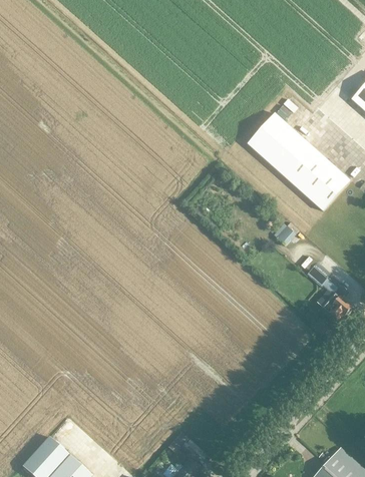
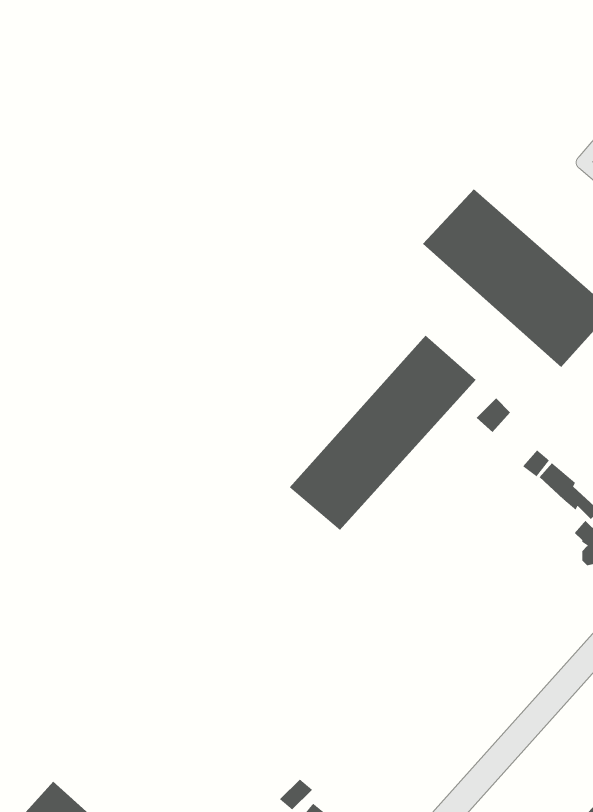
building: none -> [289,335,477,531]

